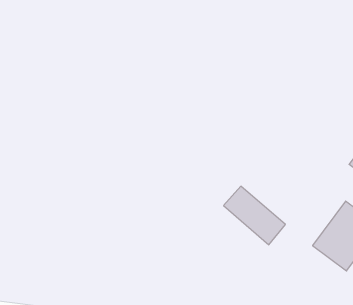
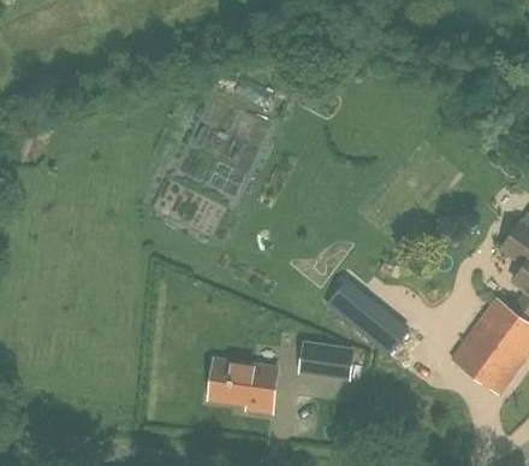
building: none -> [299,343,351,378]
building: none -> [209,360,277,412]

